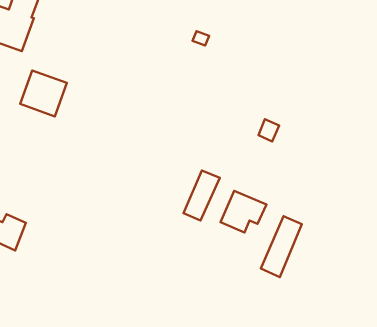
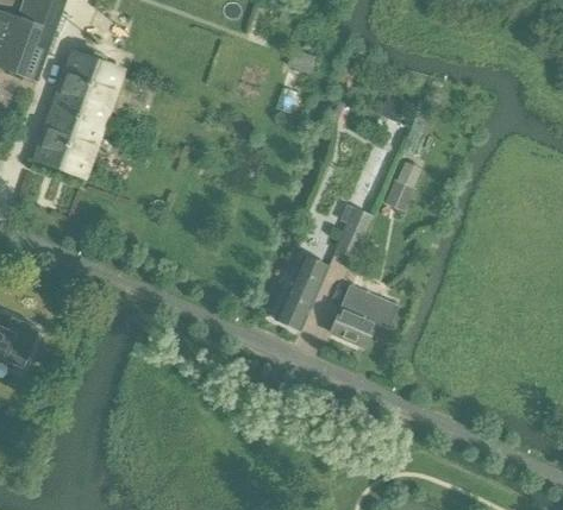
building: none -> [51,51,123,125]
building: none -> [336,204,370,256]
building: [261,216,302,277] -> none

